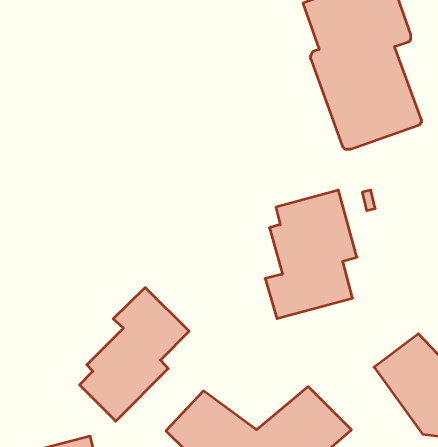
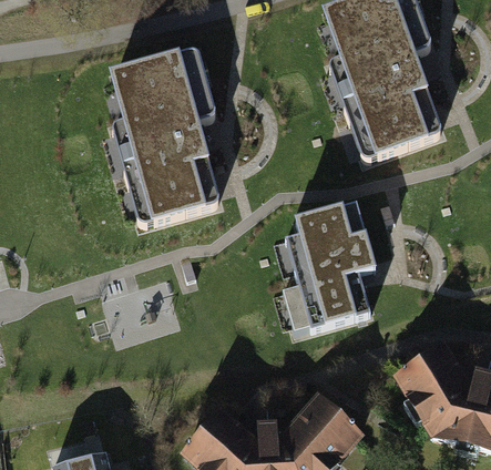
building: none -> [109,43,219,218]
building: [80,288,189,421] -> none

